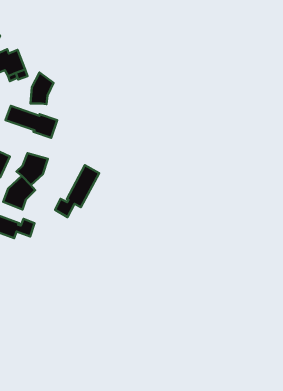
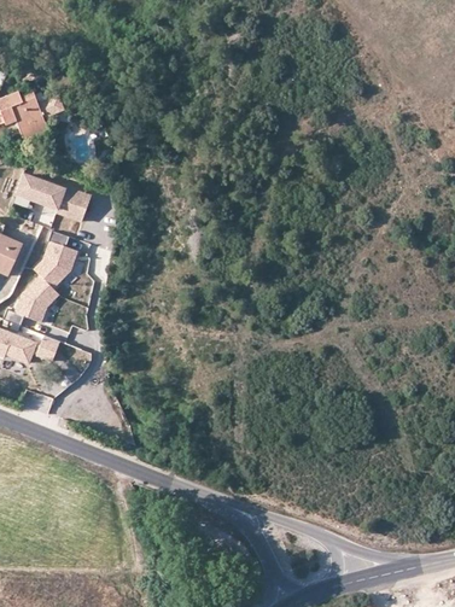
building: [30,73,53,104] -> none
building: [55,165,99,217] -> none

